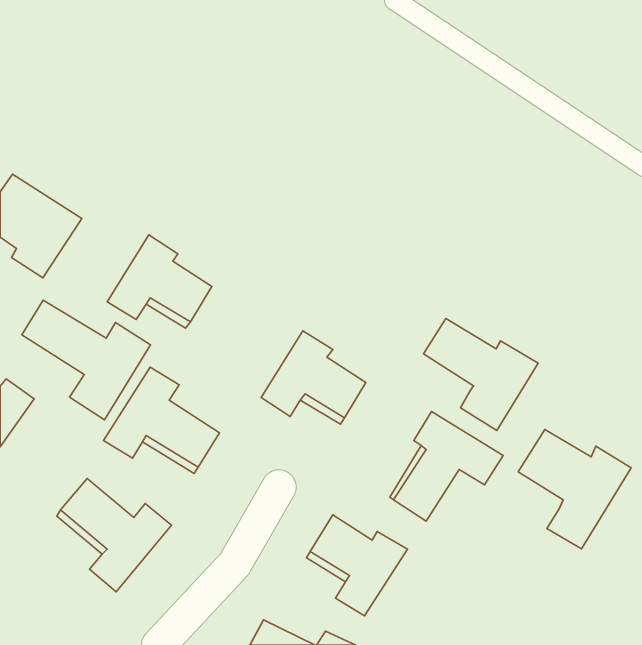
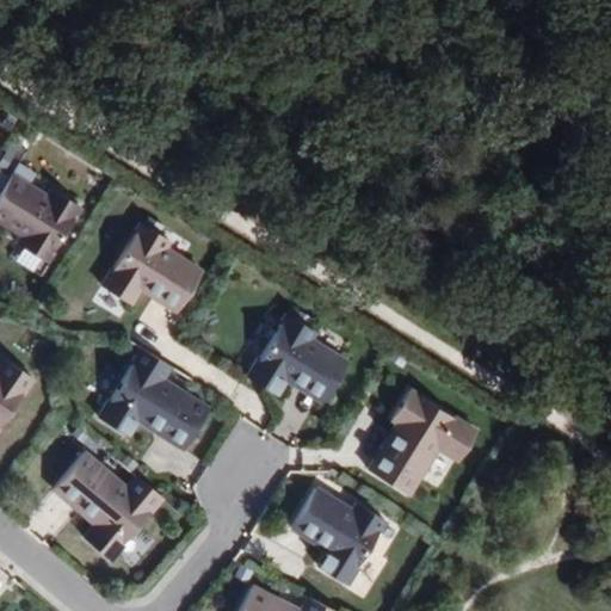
building: [22,300,150,420] -> none
building: [423,319,538,431] -> none
building: [518,430,631,549] -> none

